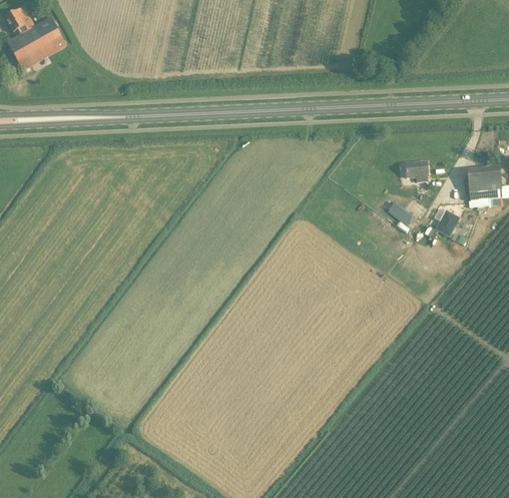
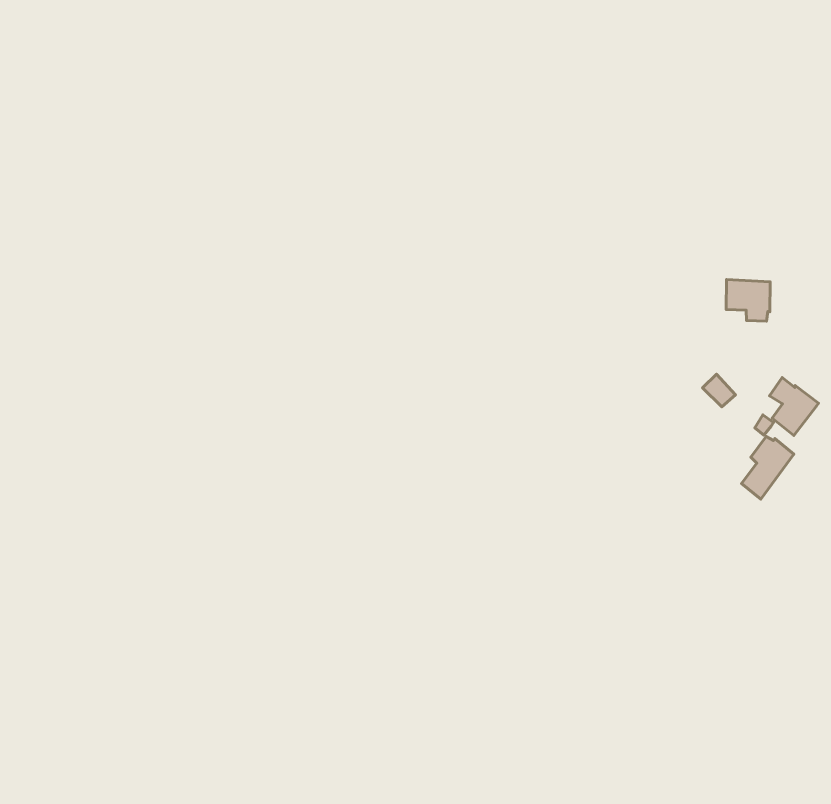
building: none -> [742,437,794,499]

